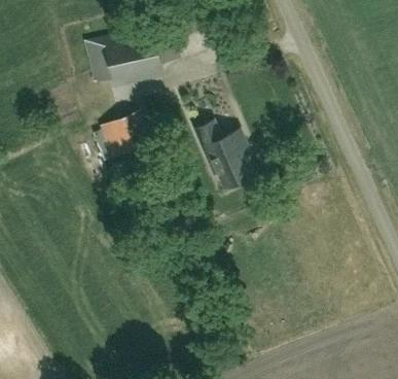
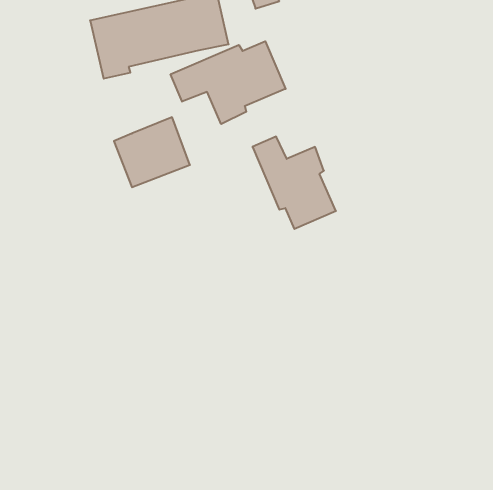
building: none -> [171,41,286,124]

